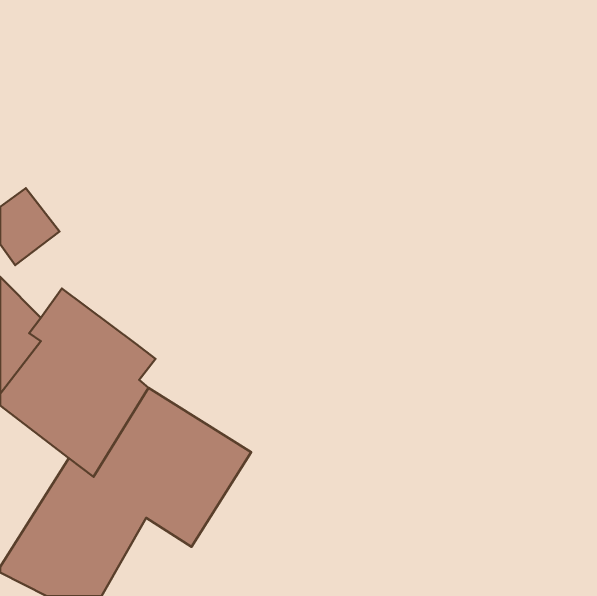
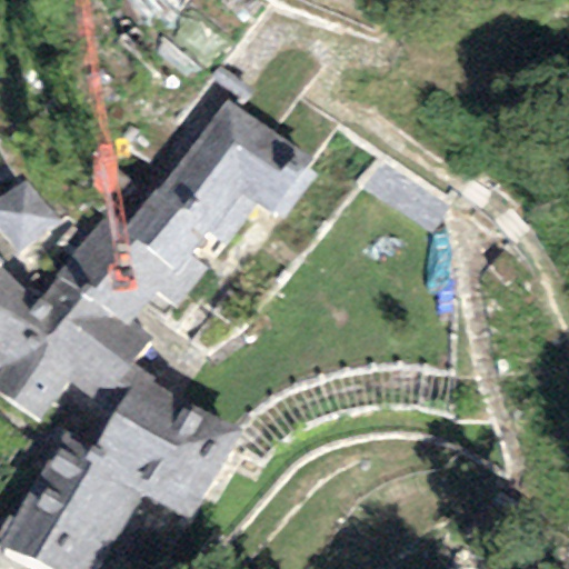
building: none -> [59,99,306,327]

